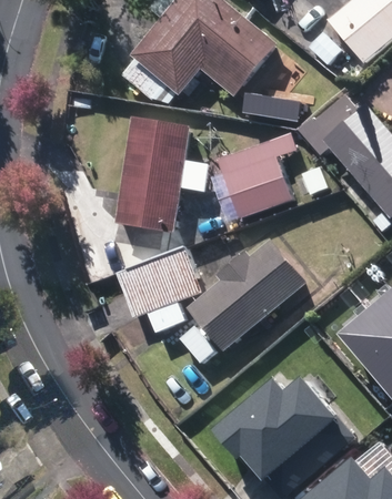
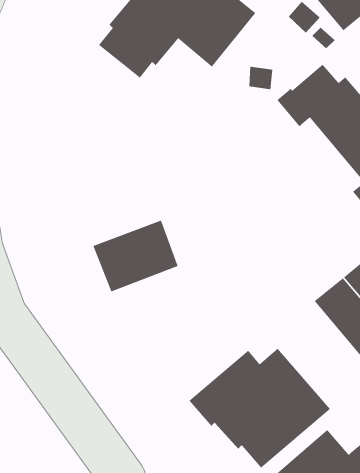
building: [114,121,209,235] -> none
building: [224,157,291,220] -> none
building: [188,243,306,353] -> none

